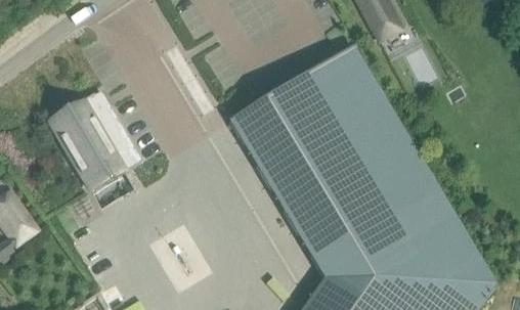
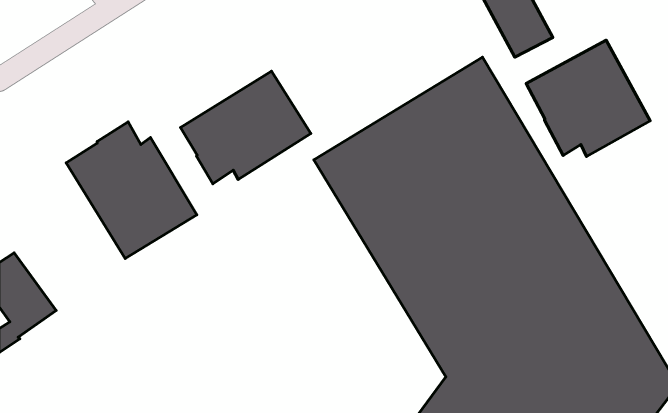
building: none -> [526,40,650,156]
building: none -> [181,71,311,184]

